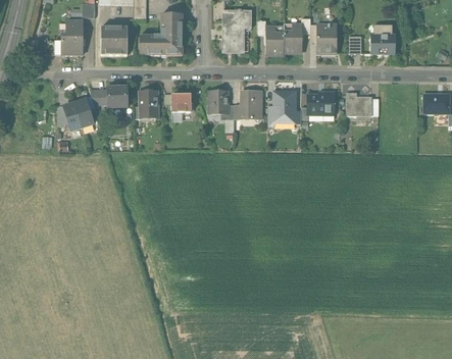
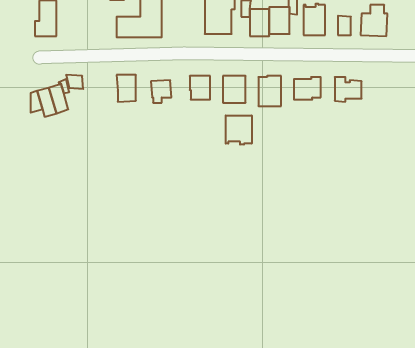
building: [100,27,127,55] -> none
building: [106,88,128,107] -> none
building: none -> [226,115,252,145]

